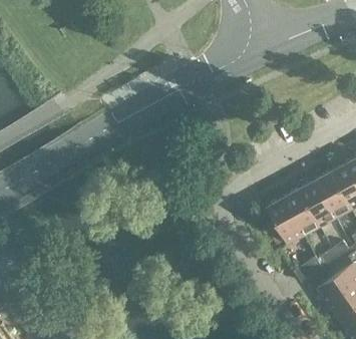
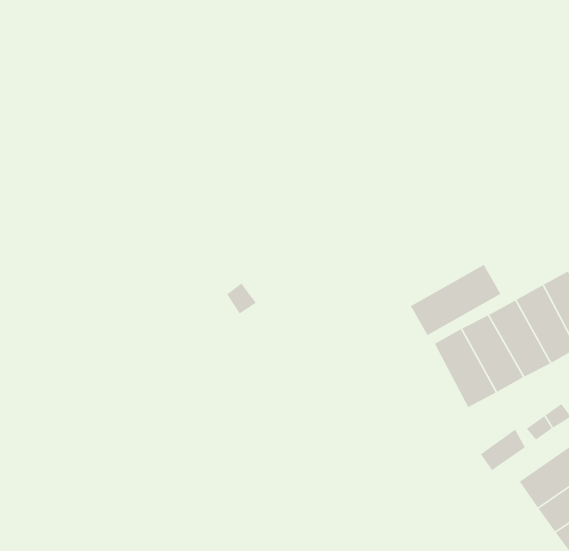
building: none -> [410,264,502,336]

